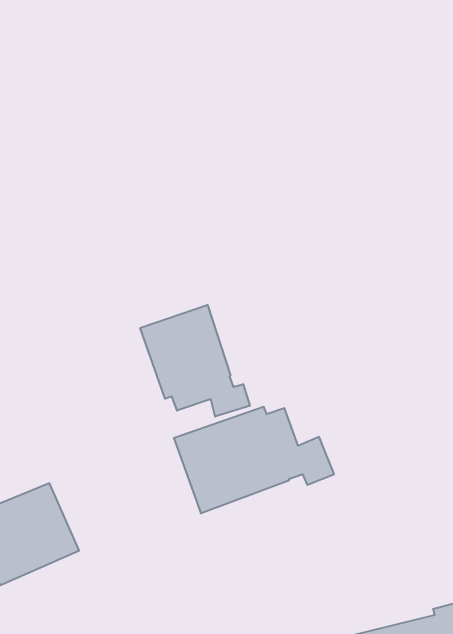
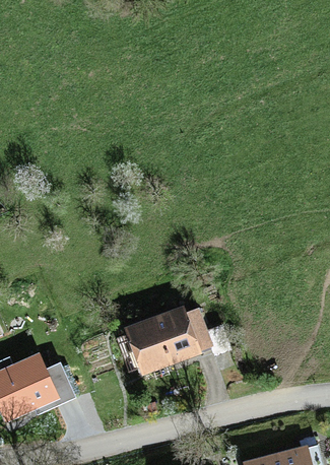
building: [140,305,250,417] -> none

